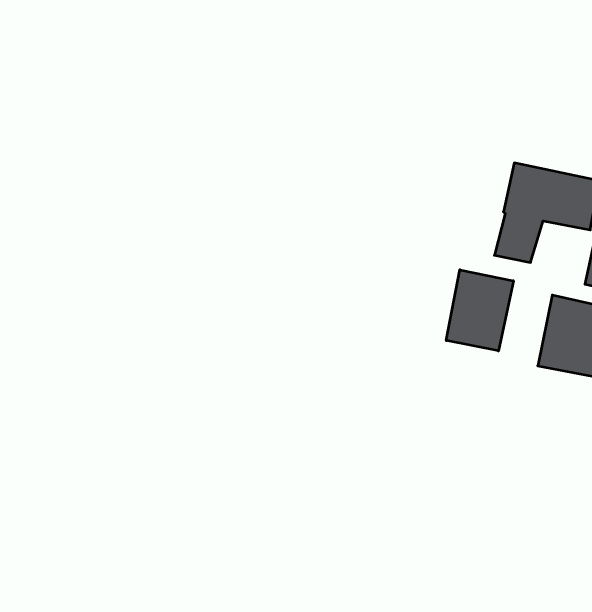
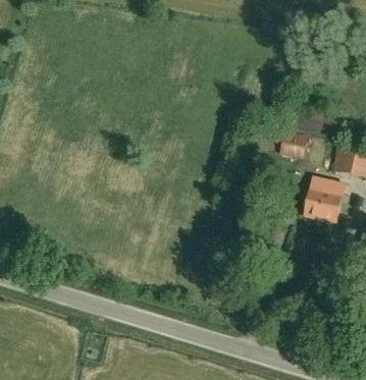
building: [446,270,513,351] -> none

